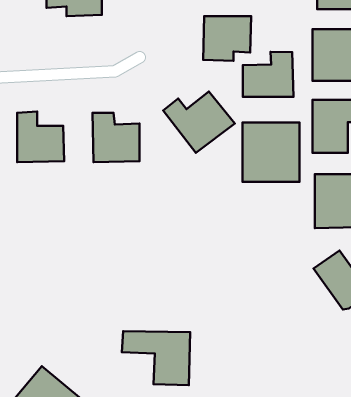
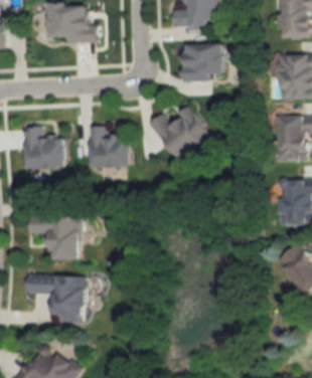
building: [243,52,294,97] -> none
building: [243,122,300,182] -> none
building: none -> [28,215,80,260]
building: [122,331,190,385] -> [26,274,85,321]

